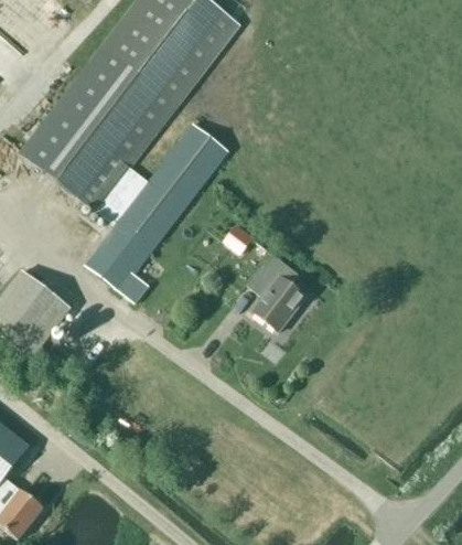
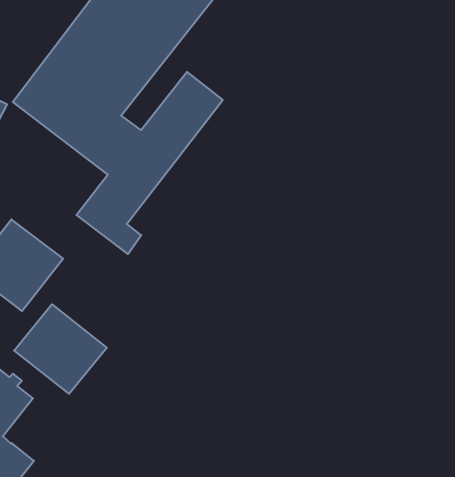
building: [246,253,305,331] -> none
building: none -> [14,304,107,394]

